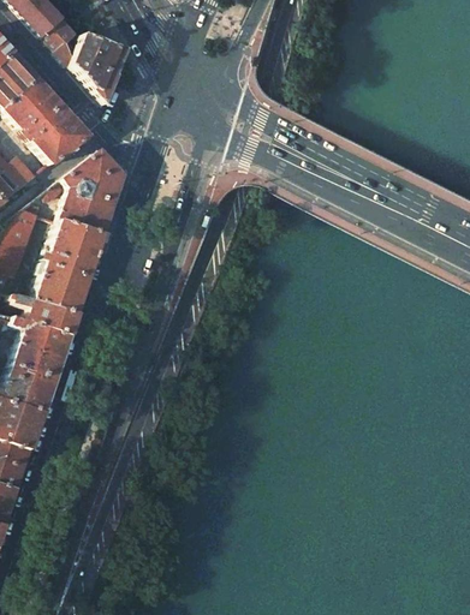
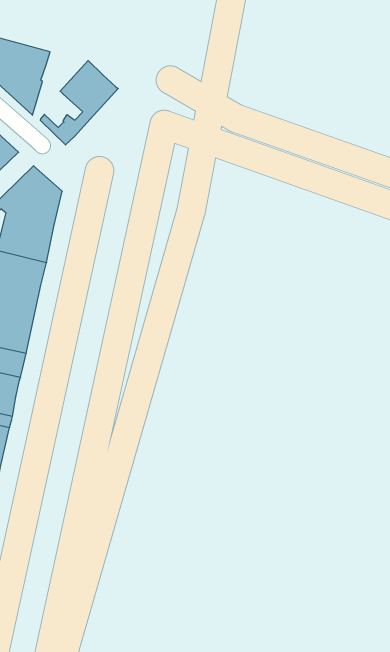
building: none -> [41,61,118,145]

